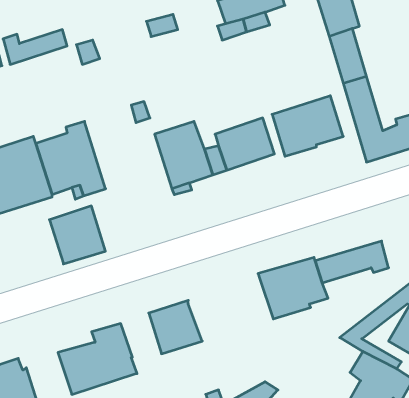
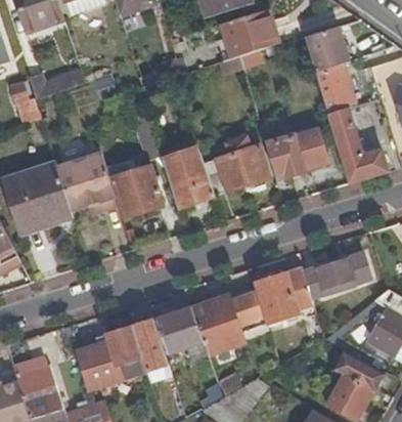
building: [49,206,105,264] -> [114,165,163,216]
building: none -> [192,285,267,352]
building: none -> [133,319,169,370]

